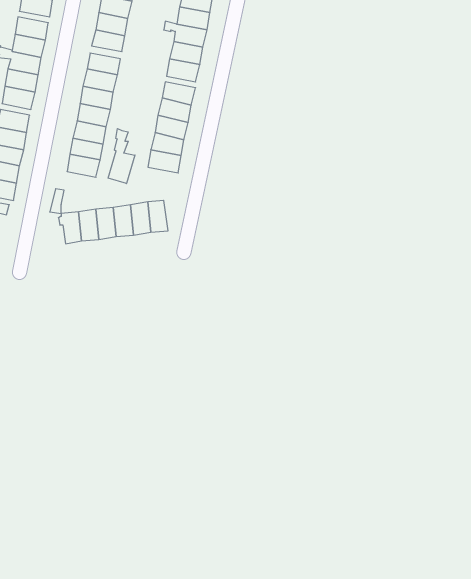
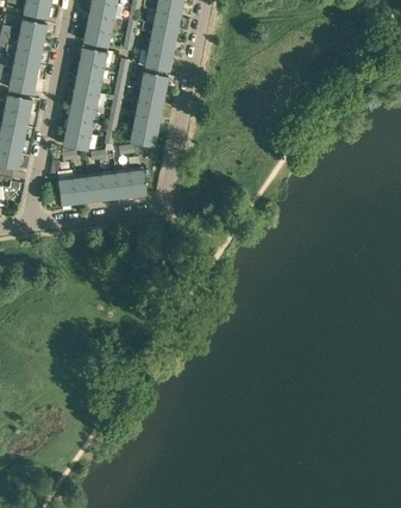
building: [108,129,135,184] -> none

